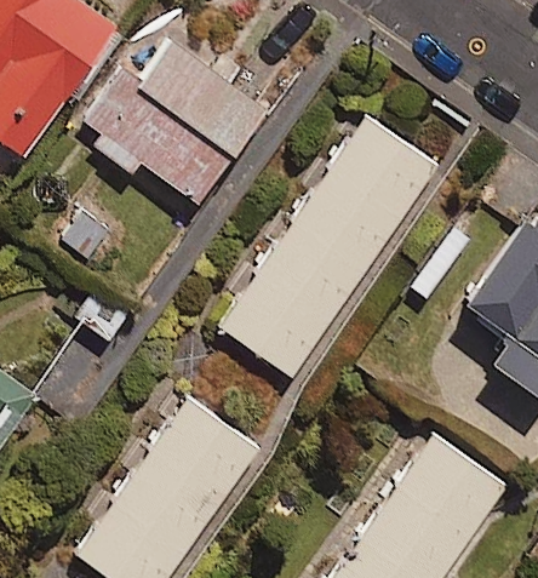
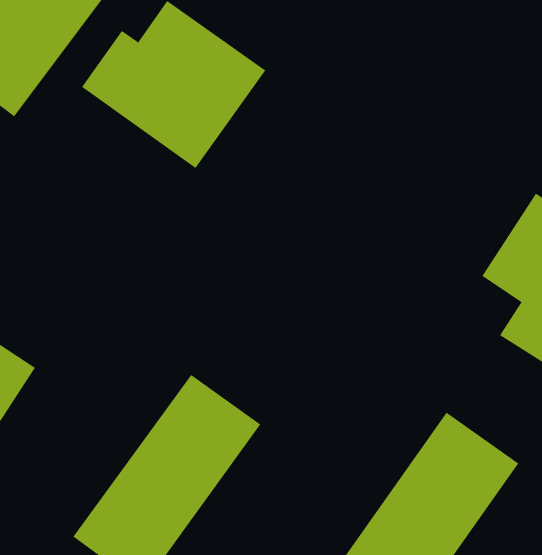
building: [221,119,437,377] -> none

